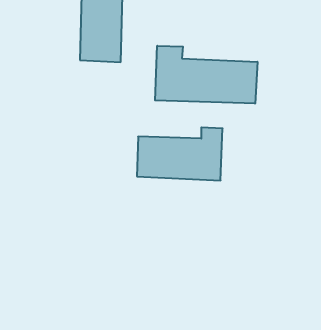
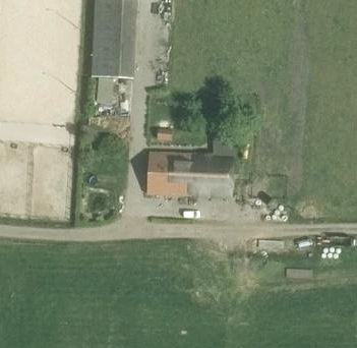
building: [155,46,257,104] -> none

